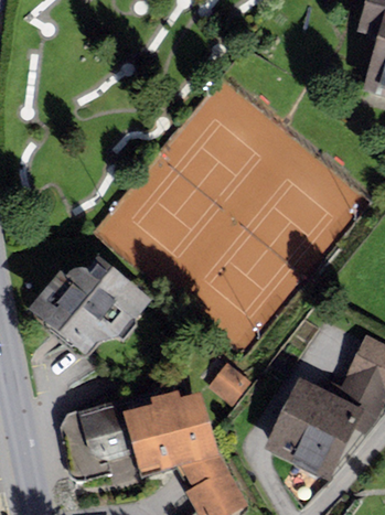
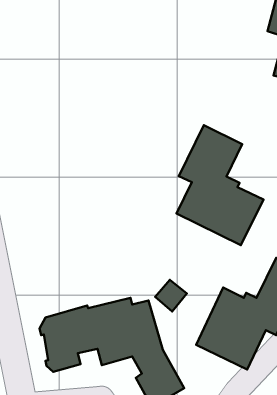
building: none -> [176,125,263,245]
building: [25,255,150,355] -> none

